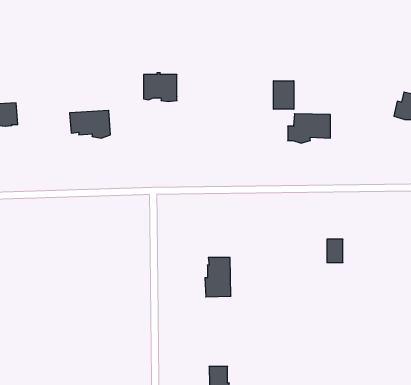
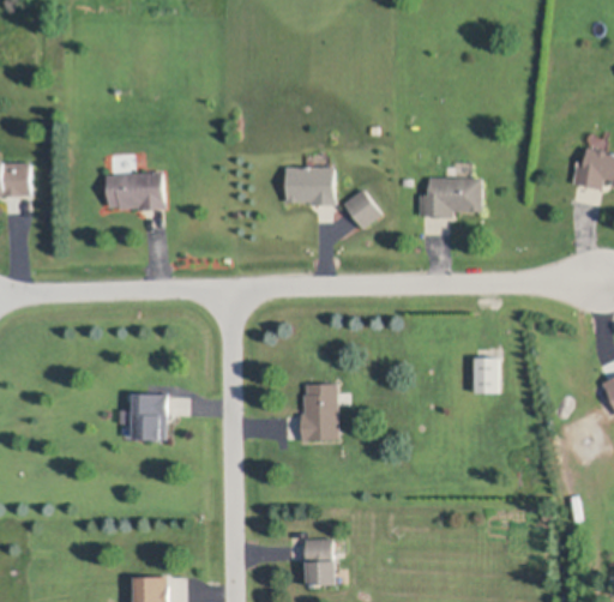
building: [144,73,177,101] -> [284,165,332,206]
building: [274,81,294,109] -> none
building: none -> [343,191,379,229]
building: none -> [132,393,165,443]

